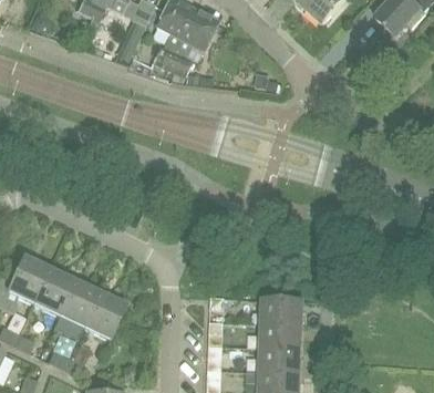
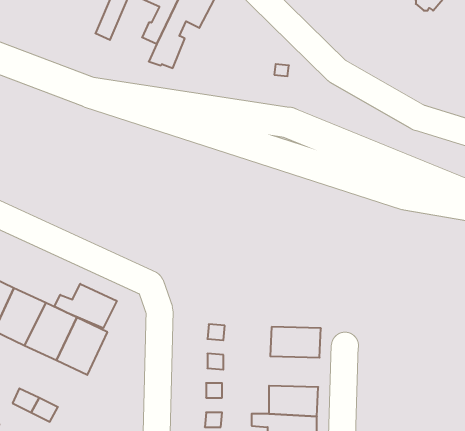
building: none -> [54,284,117,328]
building: [260,323,302,349] -> none

